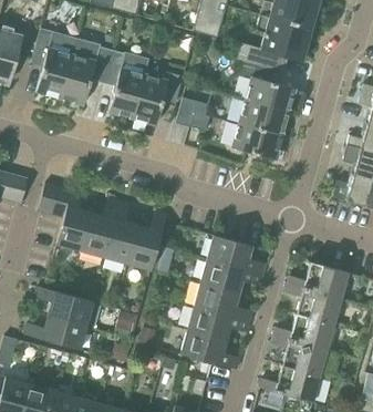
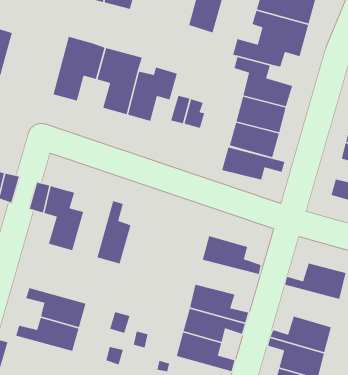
building: [31,30,76,97] -> none
building: [81,197,120,257] -> none
building: [127,210,167,270] -> none
building: [200,259,263,292] -> [221,147,286,181]
building: [286,284,342,325] -> none

